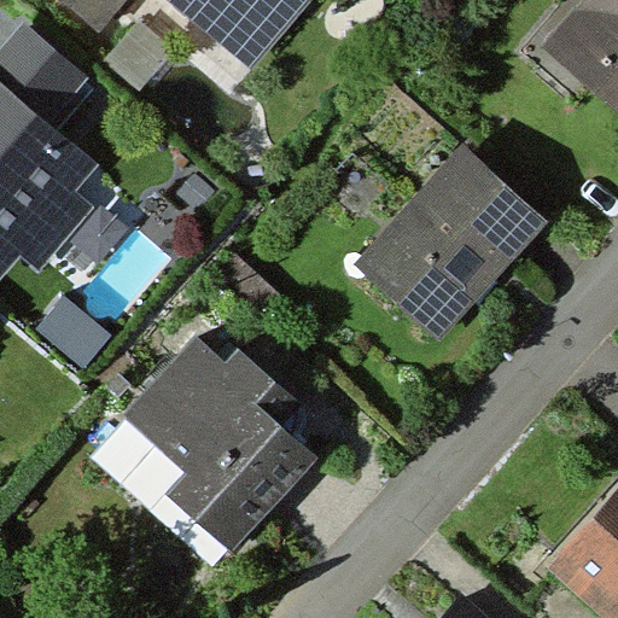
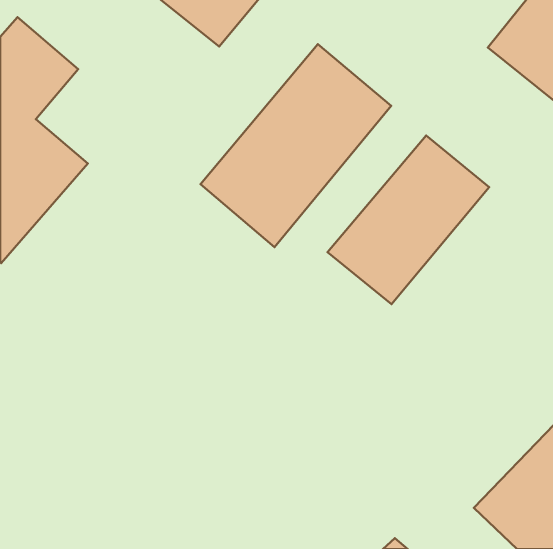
building: none -> [201,44,391,247]
building: [121,352,304,552] -> none

